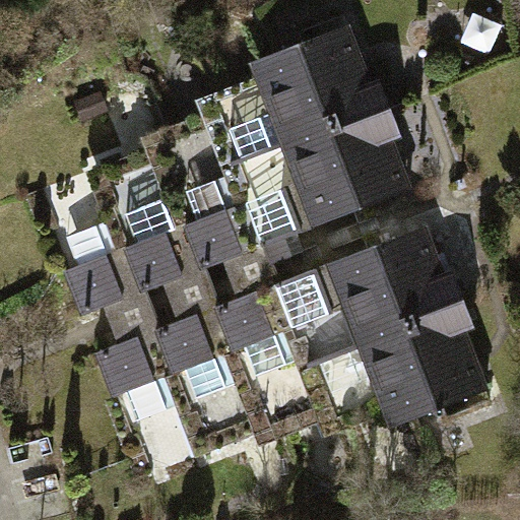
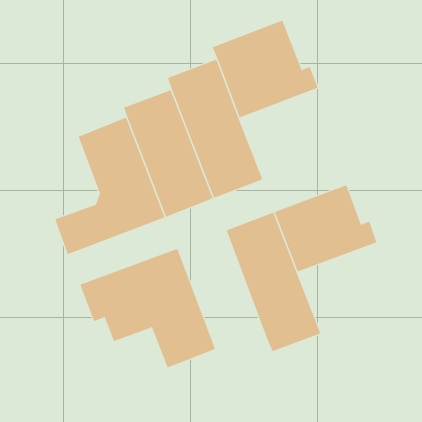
building: [295,108,411,220] -> none
building: [219,282,329,440] -> none
building: [366,298,489,422] -> none

